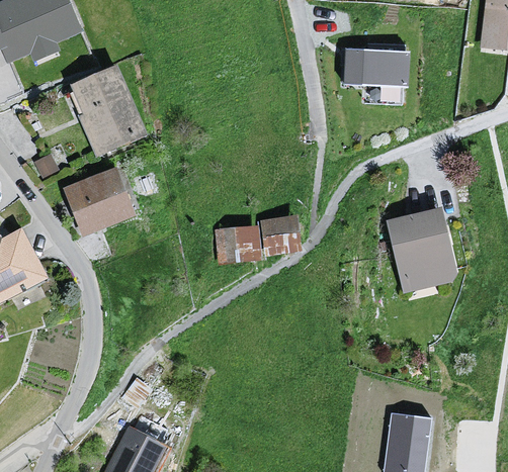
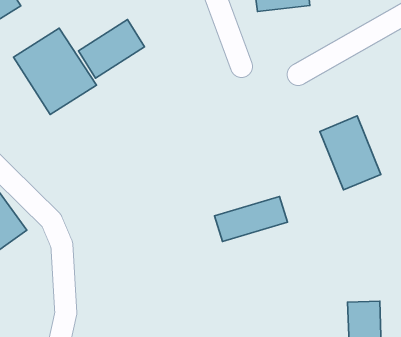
building: none -> [78,20,145,78]
building: [70,166,145,234] -> none
building: [214,220,291,259] -> [215,197,287,242]

